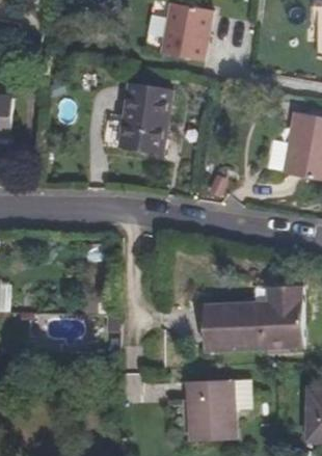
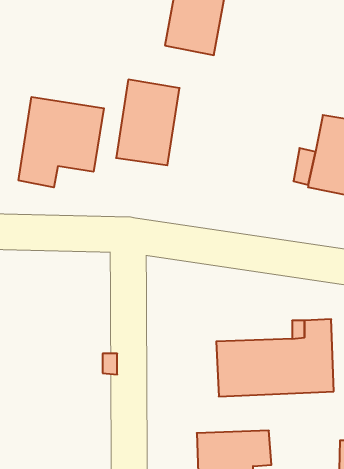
building: none -> [19,97,104,187]

